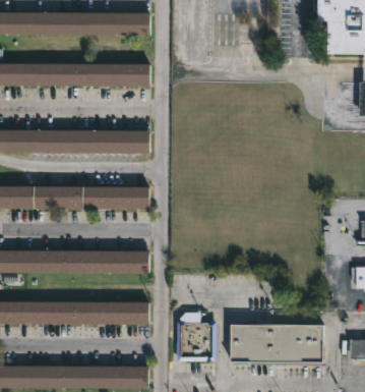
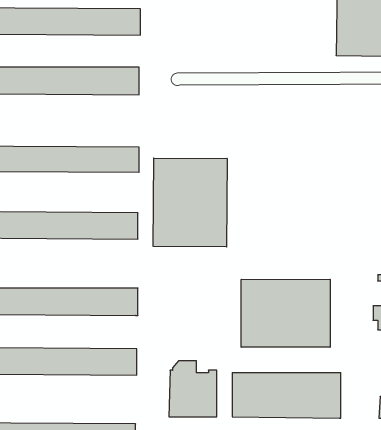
building: none -> [153,158,227,247]
building: none -> [241,279,330,347]

